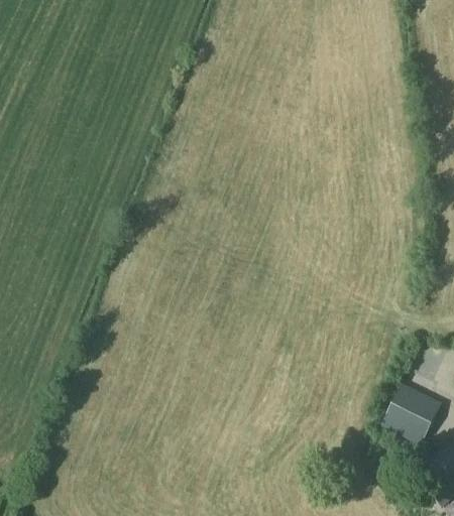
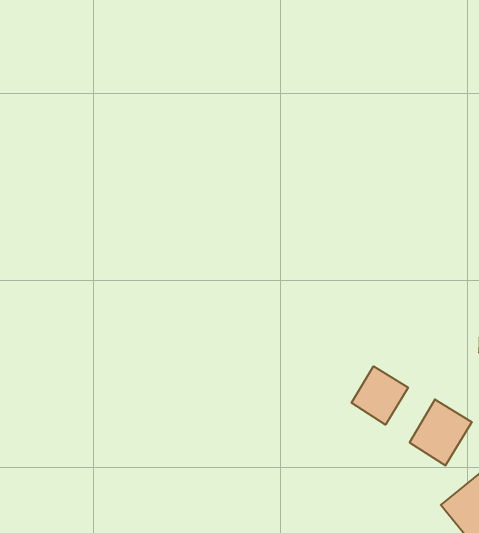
building: none -> [352,366,408,425]

